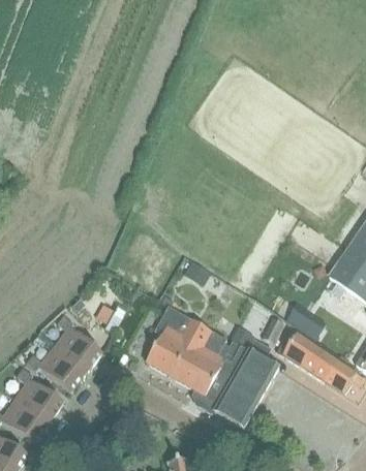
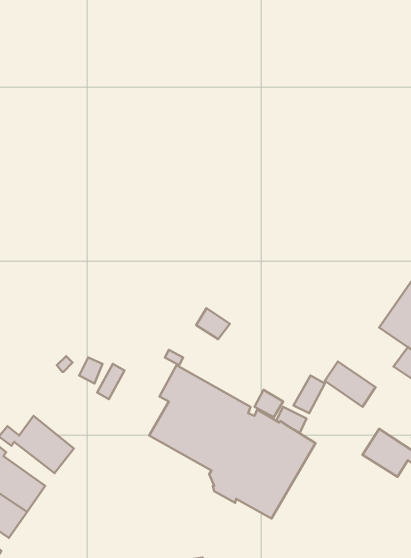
building: [54,316,101,372] -> none
building: [277,335,329,377] -> none

